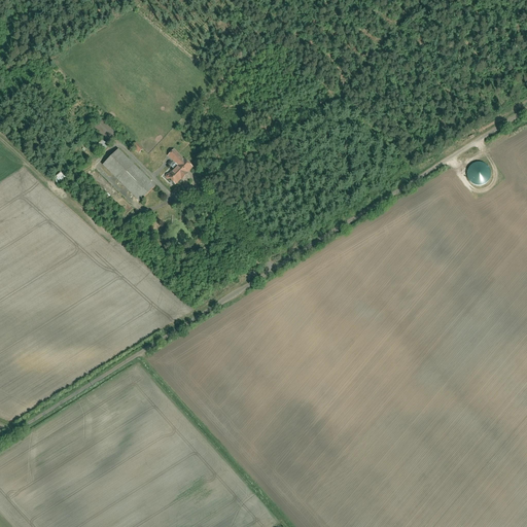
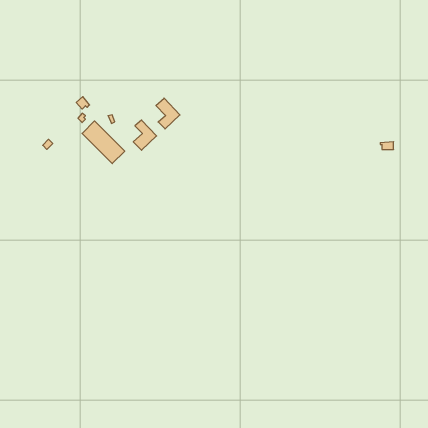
building: none -> [156,98,180,129]

